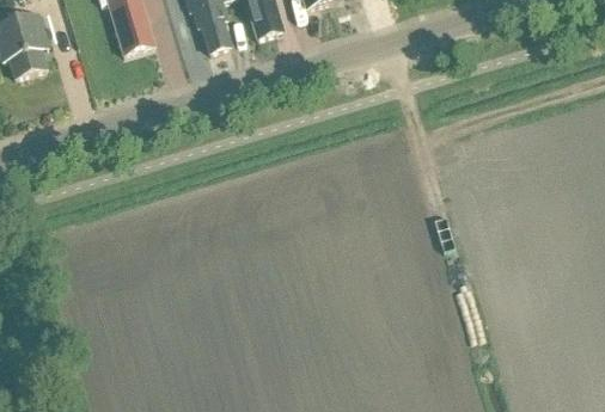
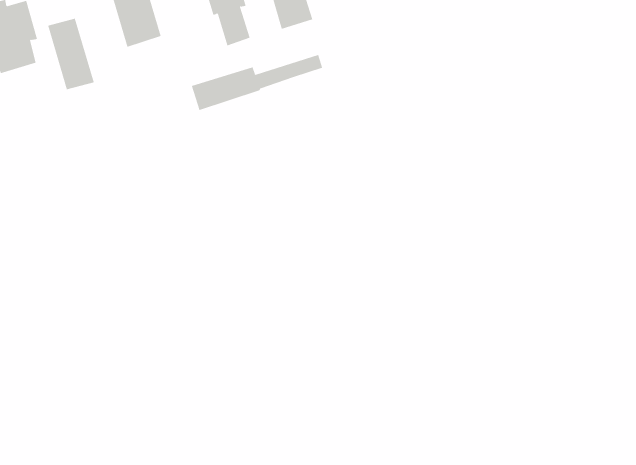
building: none -> [47,18,94,90]
building: none -> [191,54,323,111]

